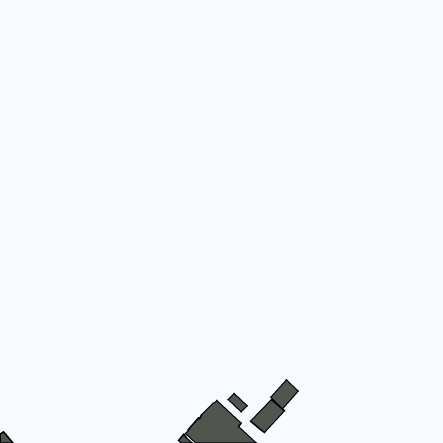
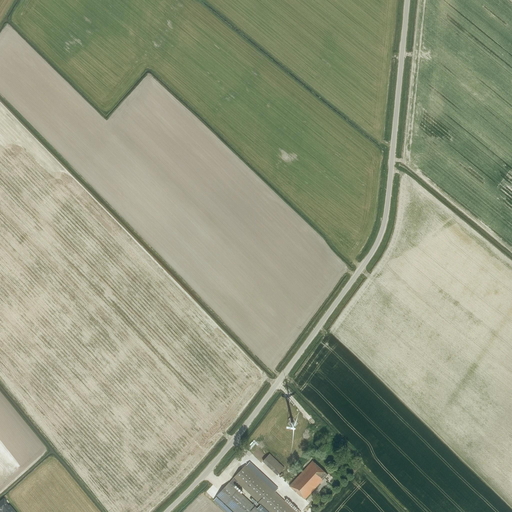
building: [271,380,298,409] -> none

